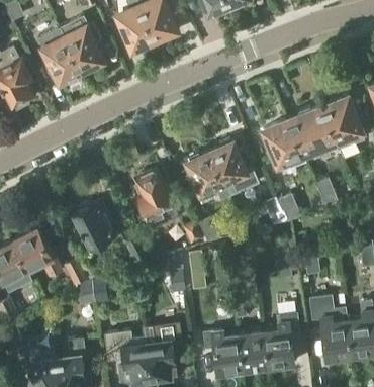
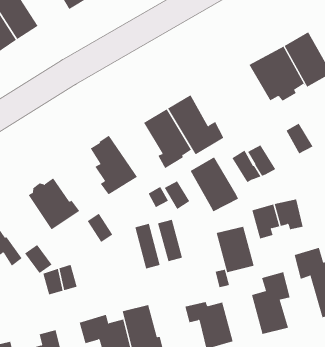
building: [264,121,305,172] -> [190,156,239,212]
building: [238,330,269,371] -> [216,226,255,273]

